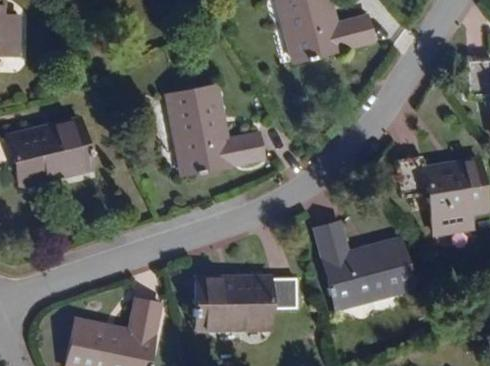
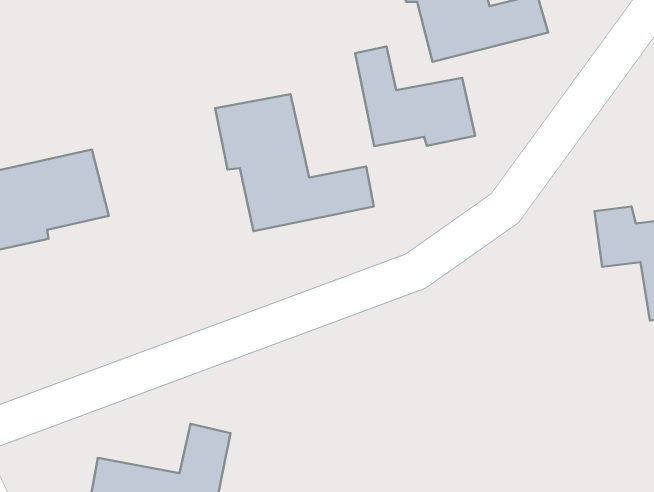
building: none -> [355,46,475,146]
building: [313,224,410,302] -> none
building: [197,279,297,329] -> none

